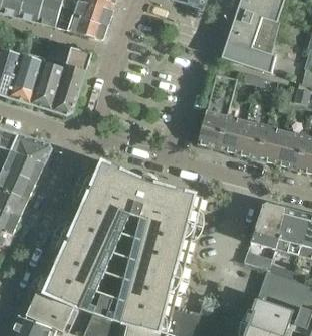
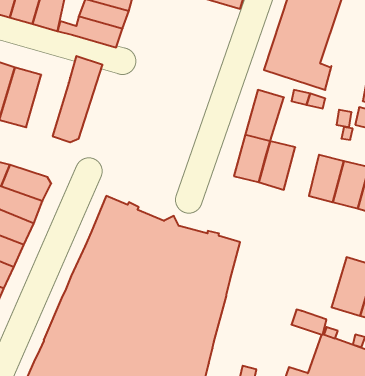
building: [31,61,65,110] -> none
building: [238,119,266,158] -> none
building: [251,203,288,248] -> none

